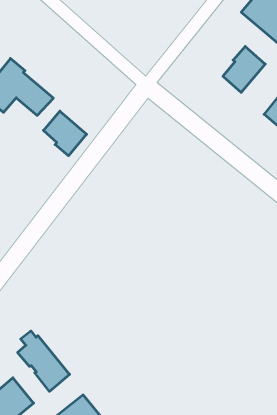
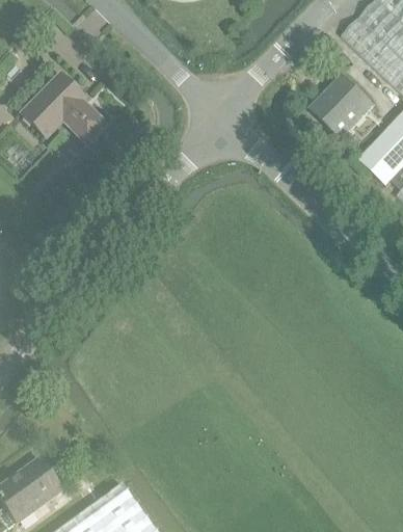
building: [43,111,87,156] -> none
building: [18,331,70,391] -> none

